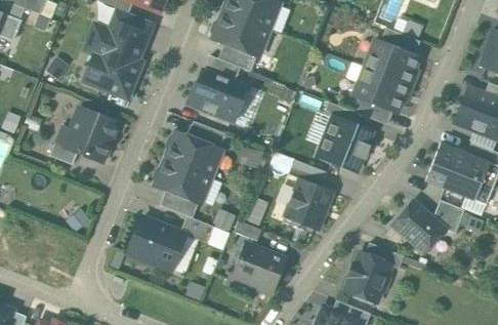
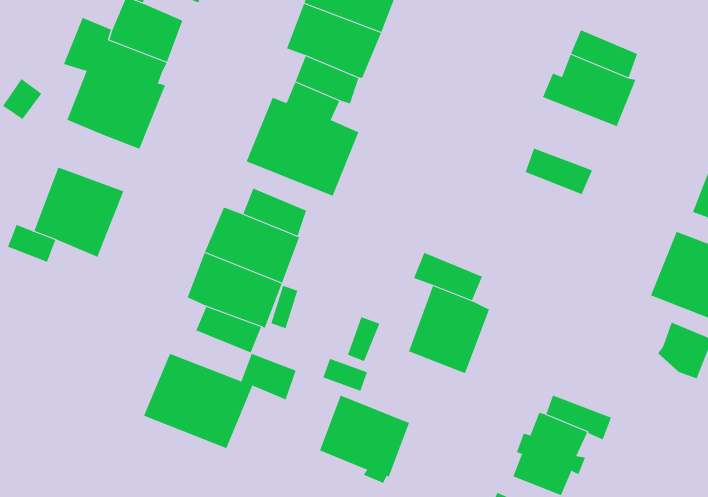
building: [357,67,407,111] -> none
building: [318,117,370,169] -> none
building: [392,202,443,250] -> none

